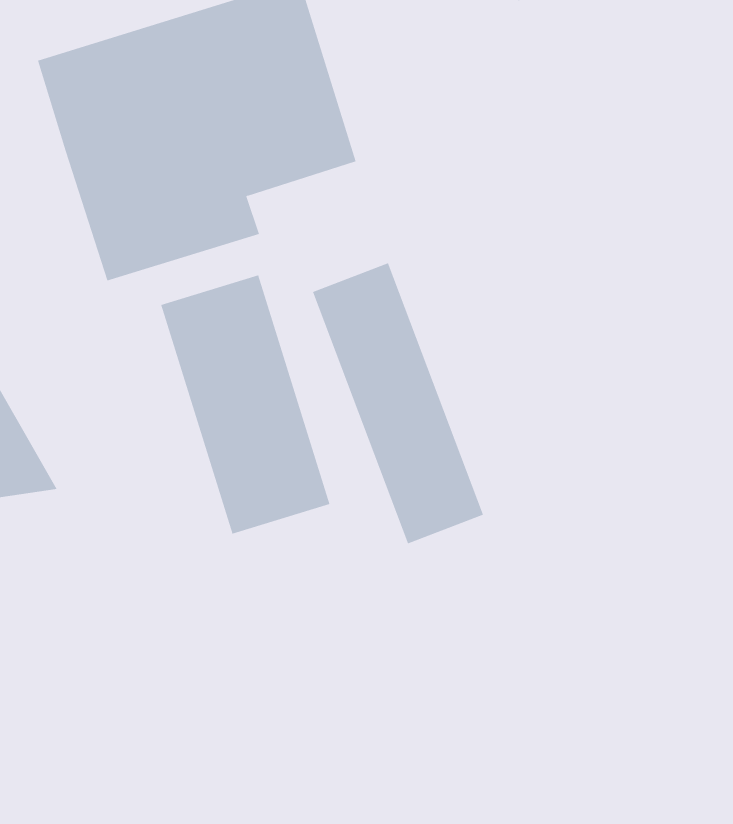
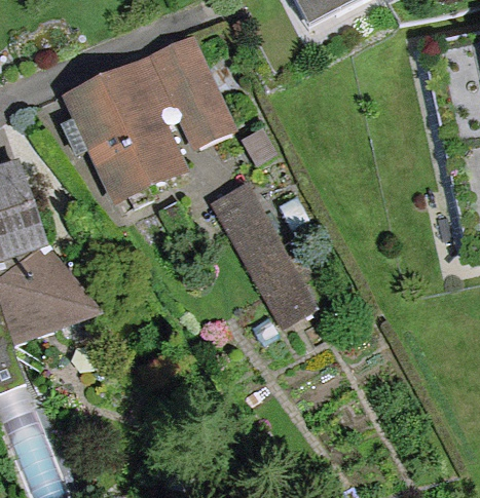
building: [161,275,330,534] -> none

